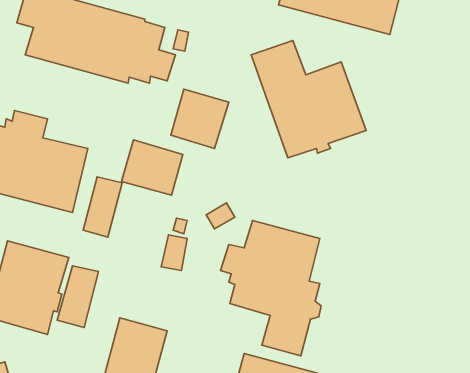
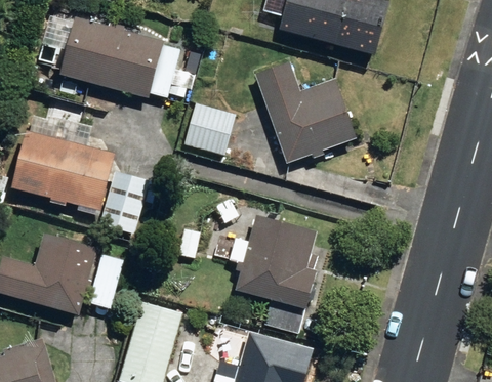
building: [122,140,183,195] -> none

